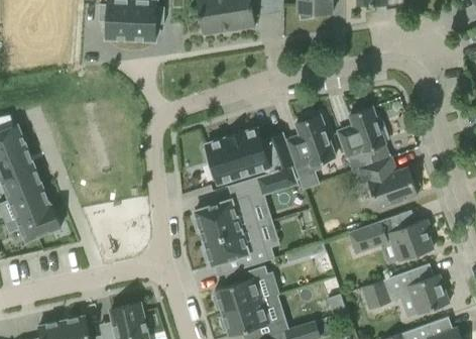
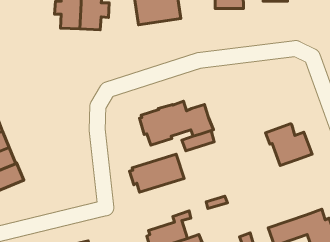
building: [338,107,390,172] -> none
building: [286,115,336,189] -> none
building: [349,218,433,261] -> none
building: [202,225,269,269] -> none

